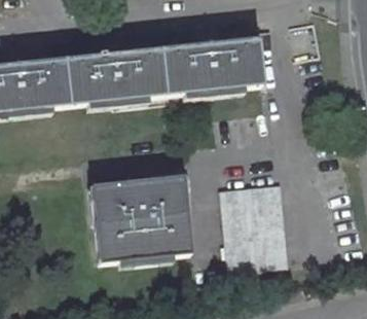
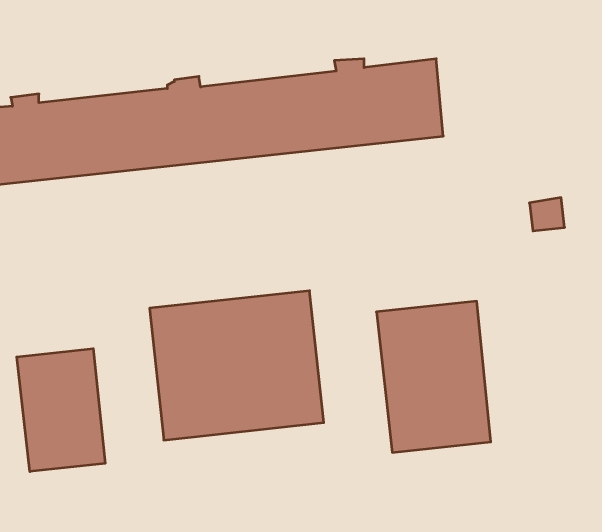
building: none -> [17,349,105,472]

